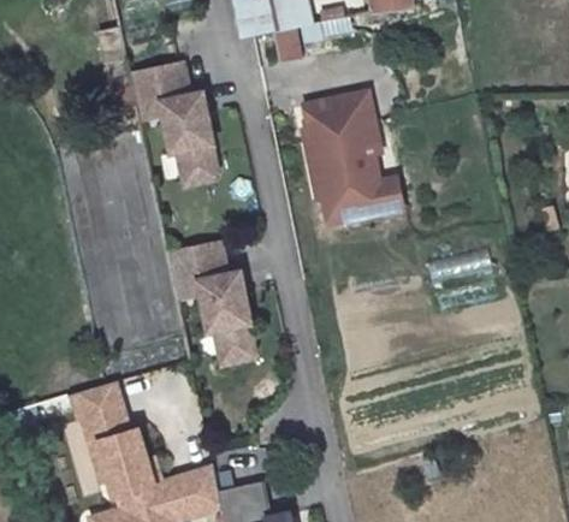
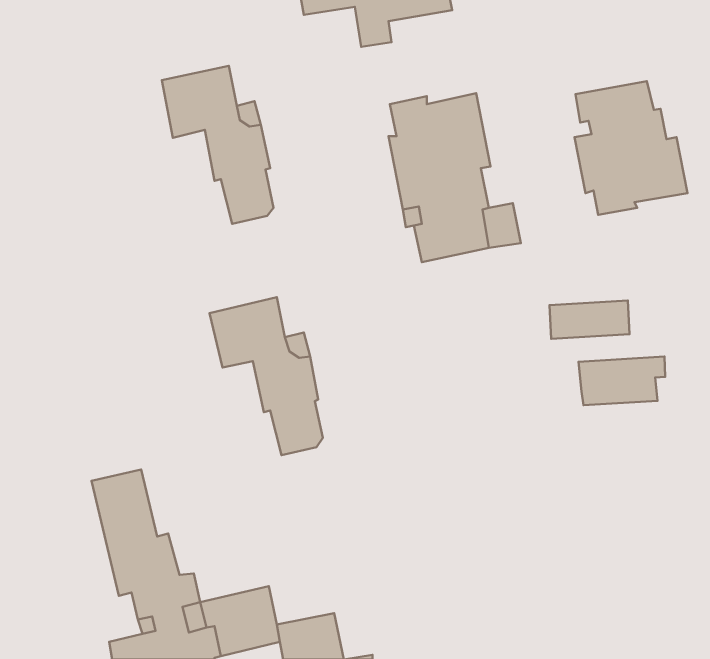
building: none -> [575,81,687,215]
building: none -> [579,357,665,405]

